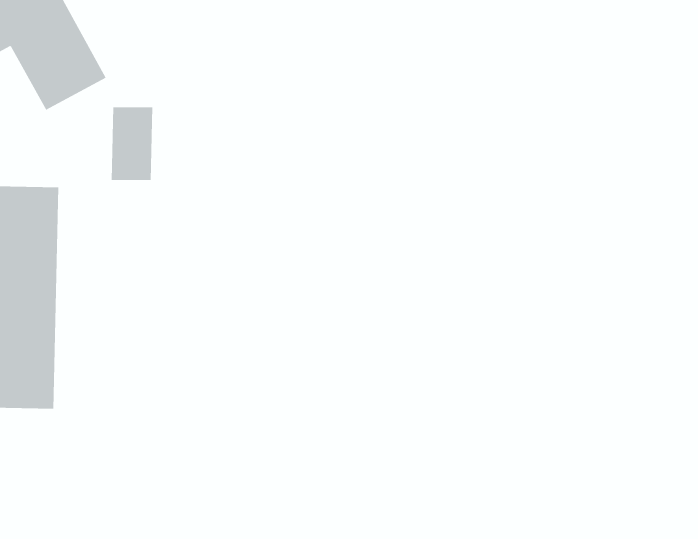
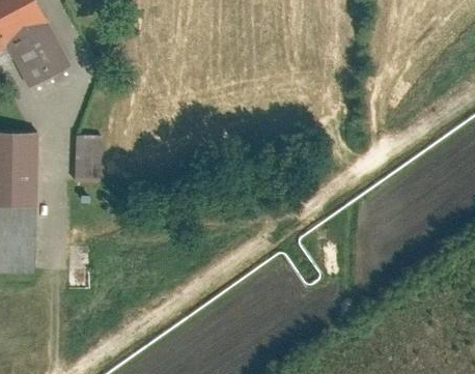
building: [111,107,153,180] -> [75,136,102,182]

